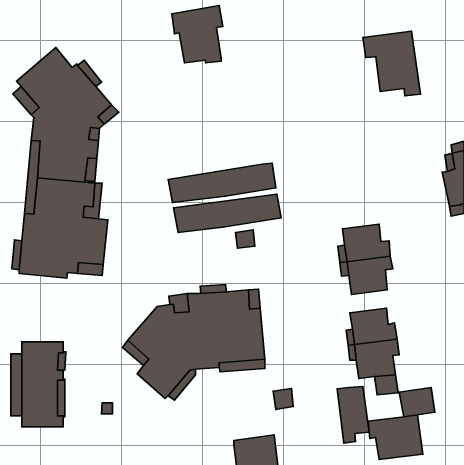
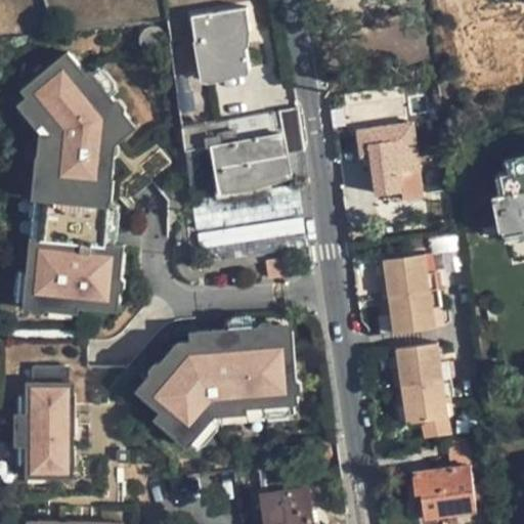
building: [363,31,421,96] -> [357,125,422,198]
building: none -> [181,107,301,187]
building: [337,386,369,443] -> none

